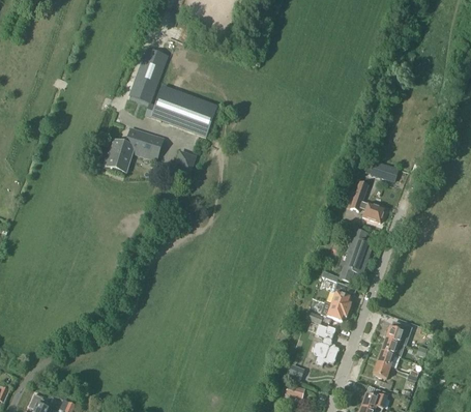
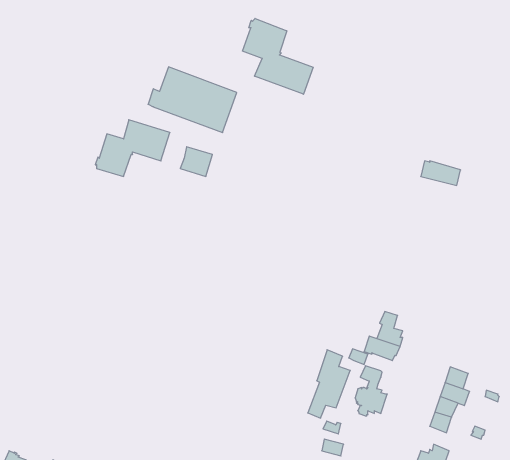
building: none -> [242,18,313,94]
building: [131,47,168,96] -> none
building: [350,181,384,222] -> none
building: [338,227,373,282] -> [308,350,350,418]

